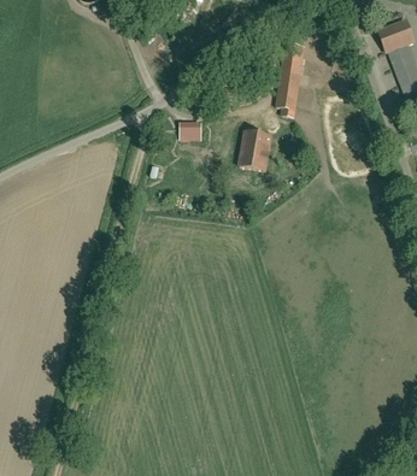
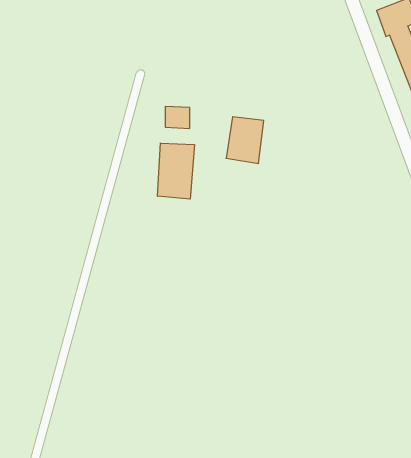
building: [277,47,305,119] -> none
building: none -> [158,143,194,199]

